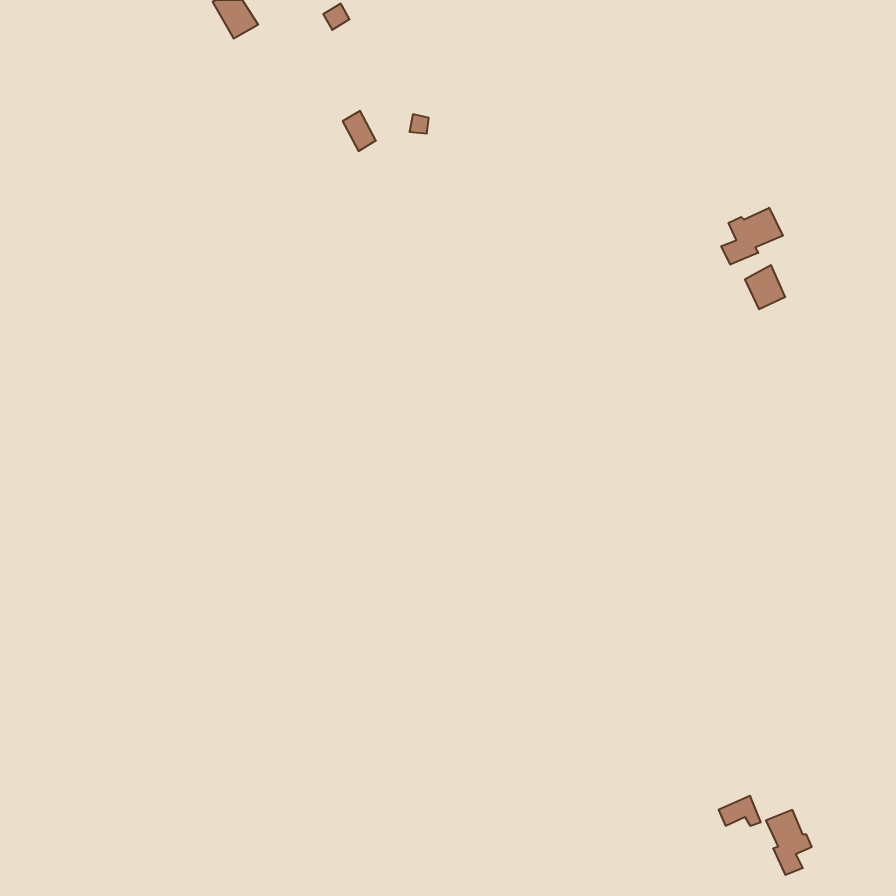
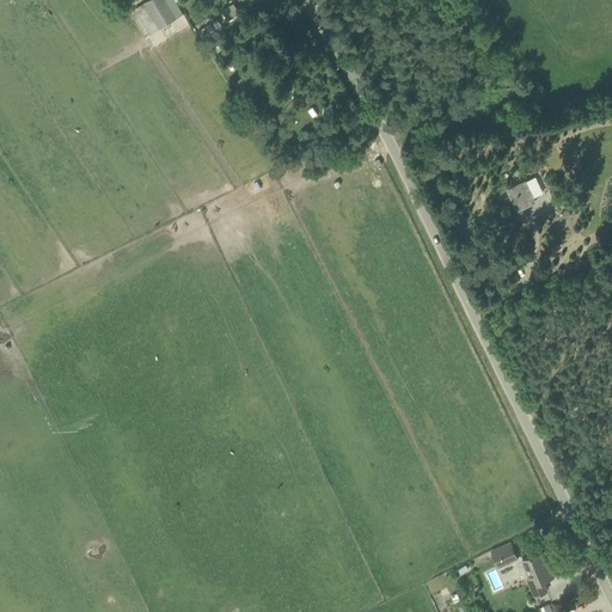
building: [721,208,783,265] -> none

